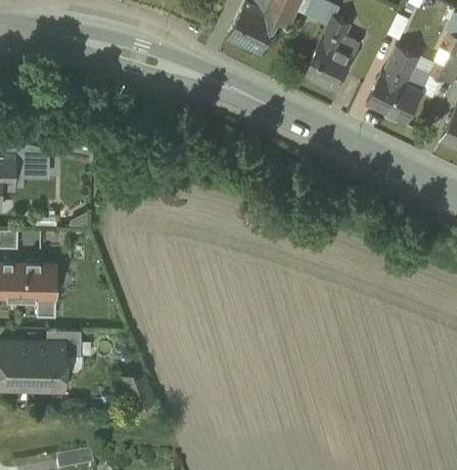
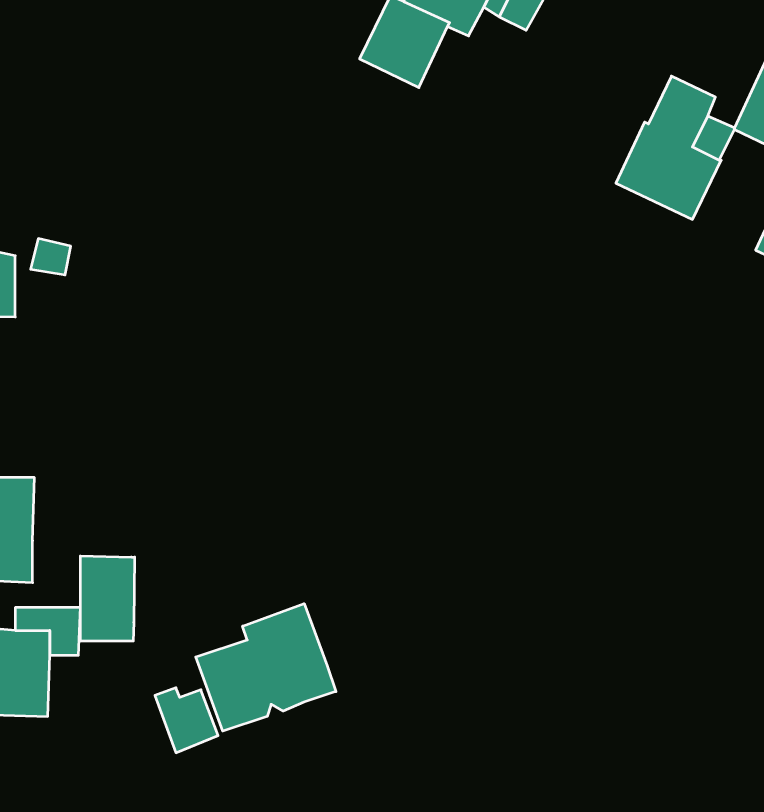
building: [307,16,361,89] -> none
building: none -> [80,556,135,641]
building: none -> [196,604,336,731]

